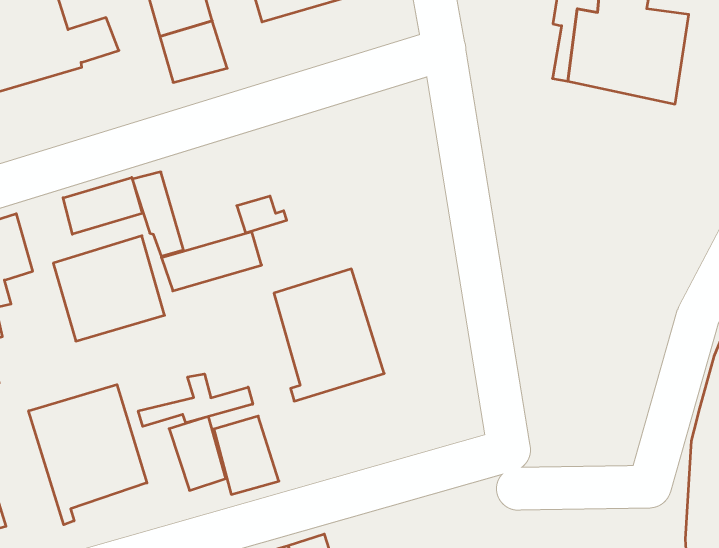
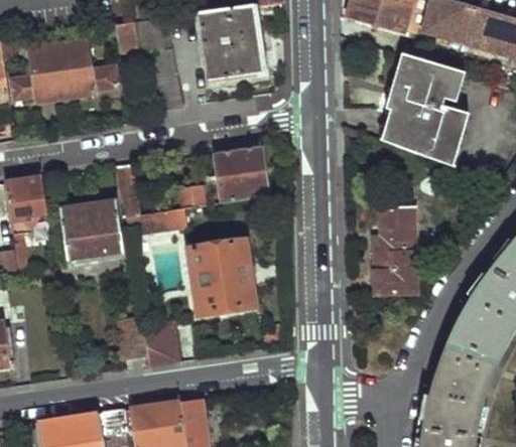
building: none -> [215,144,269,201]
building: none -> [374,204,417,293]
building: [63,177,142,234] -> none
building: [138,374,253,426] -> none
building: [29,385,147,525] -> none

